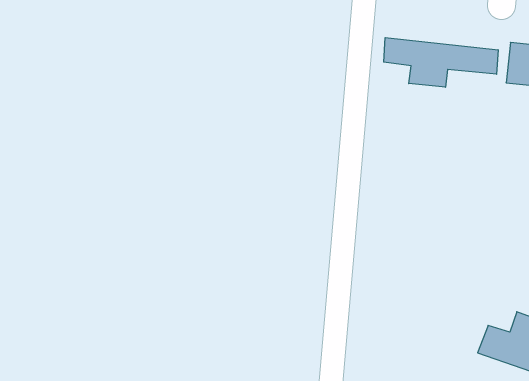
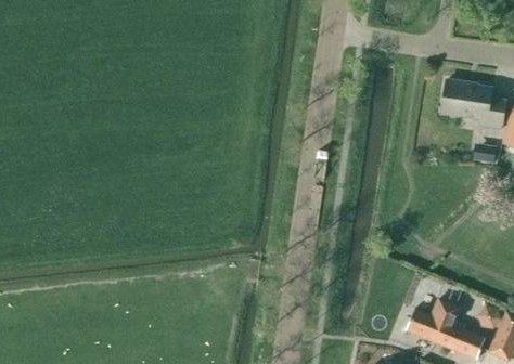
building: [384,38,498,87] -> none

